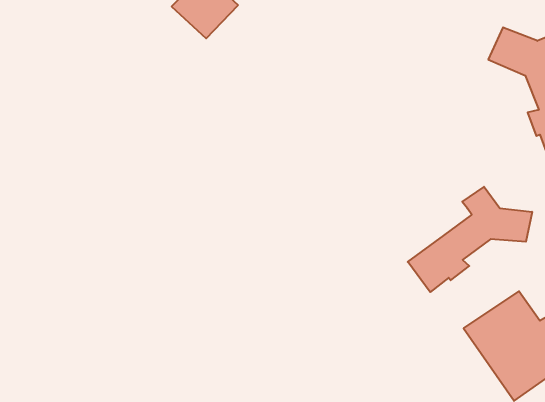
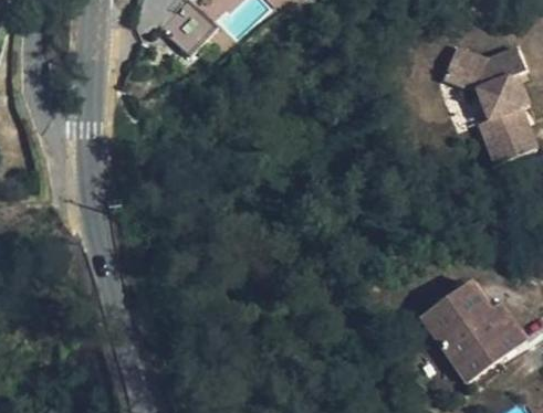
building: [408,187,532,292] -> none

